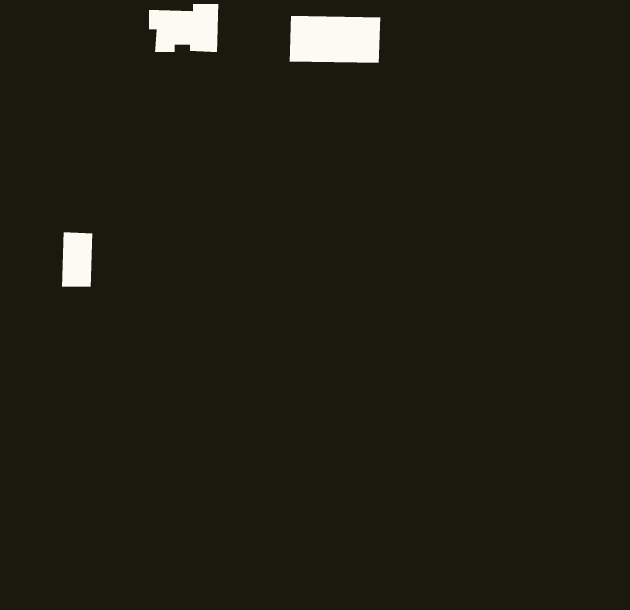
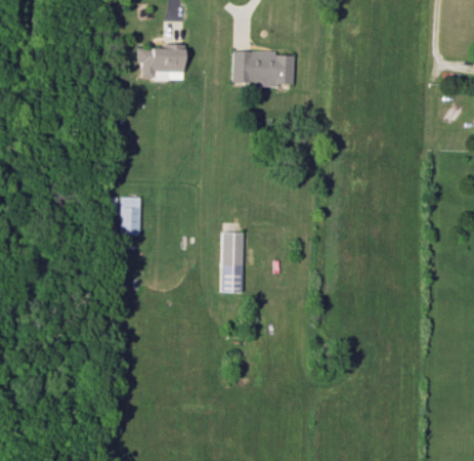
building: [61,231,93,287] -> [120,196,141,234]
building: none -> [221,232,245,292]

